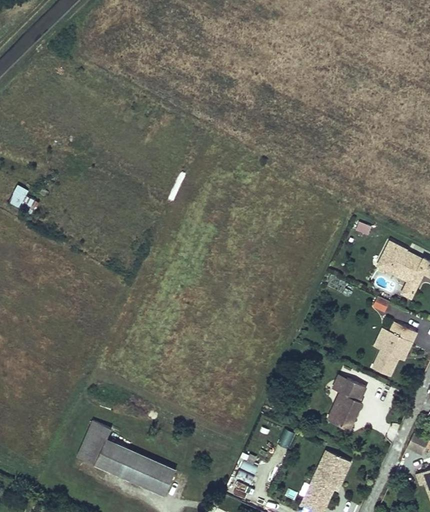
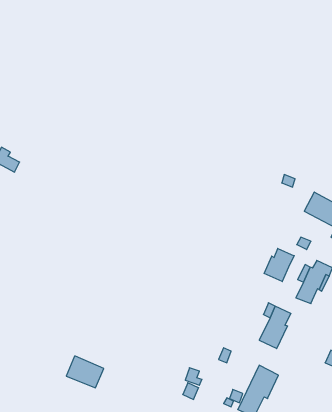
building: none -> [264,248,294,282]
building: [77,421,112,466] -> none
building: [131,455,175,493] -> none

